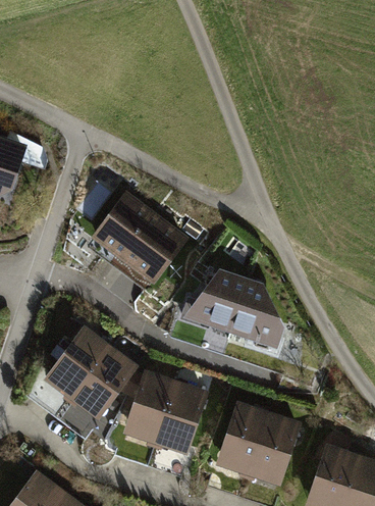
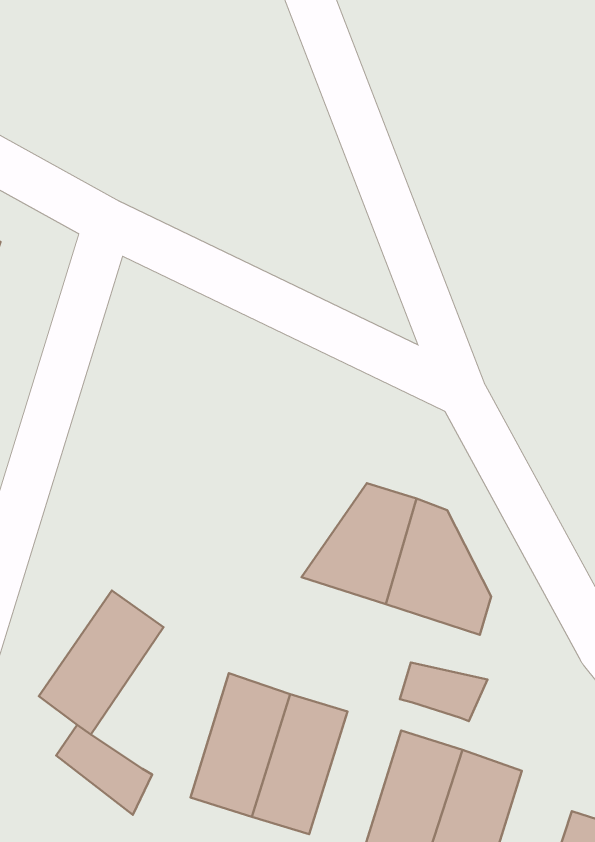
building: [90,190,189,284] -> none
building: [70,346,137,421] -> none
building: none -> [400,662,487,721]

